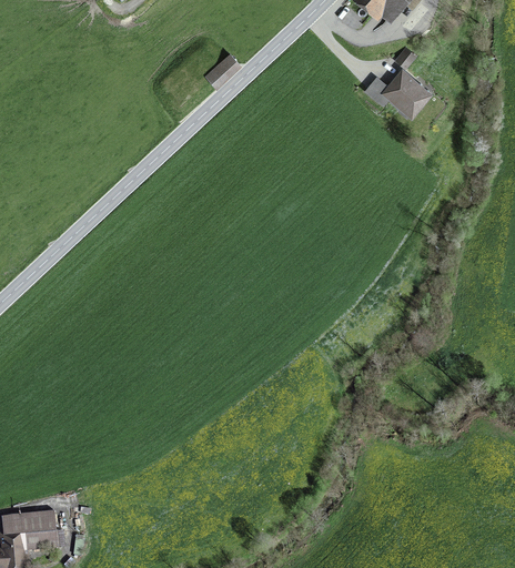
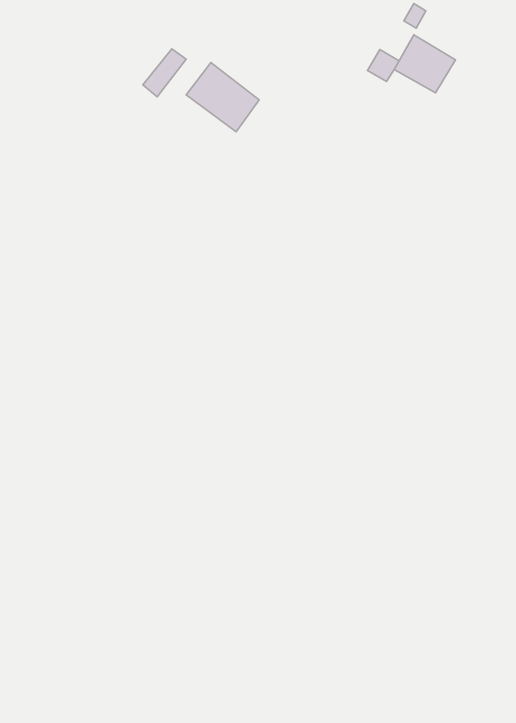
building: none -> [186,63,259,132]

